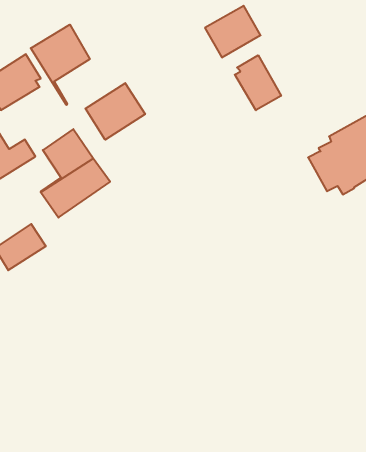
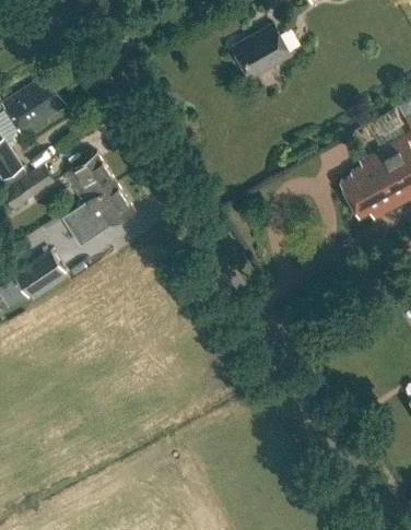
building: [31,25,90,105] -> none
building: [235,55,281,110] -> none
building: [85,83,145,140] -> none

